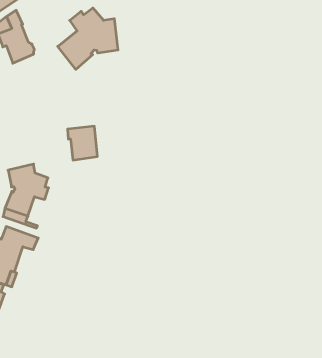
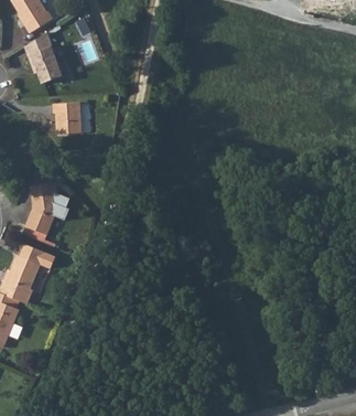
building: [58,8,118,69] -> none
building: [68,126,97,160] -> [53,103,80,135]

